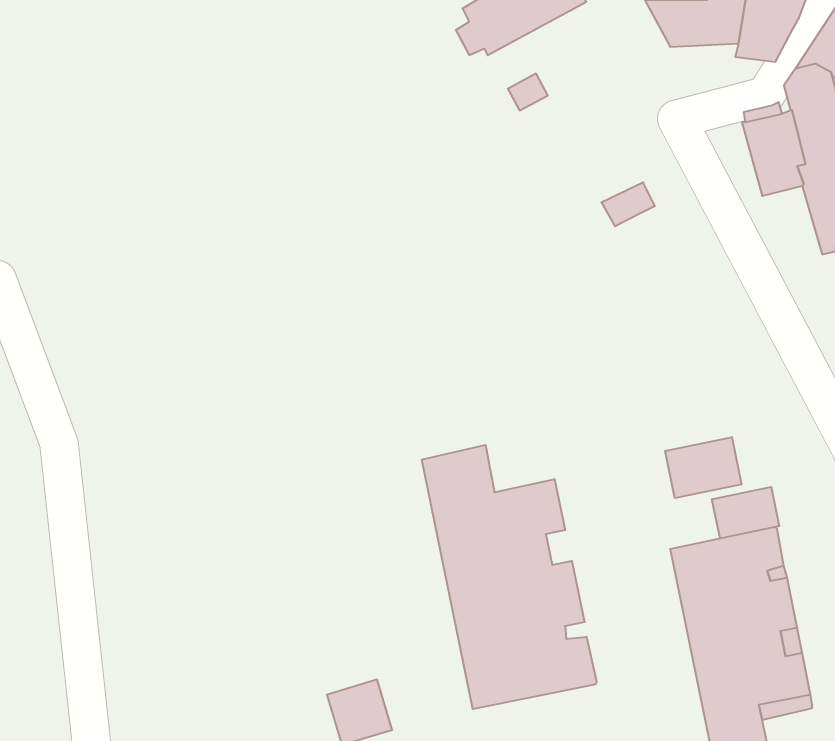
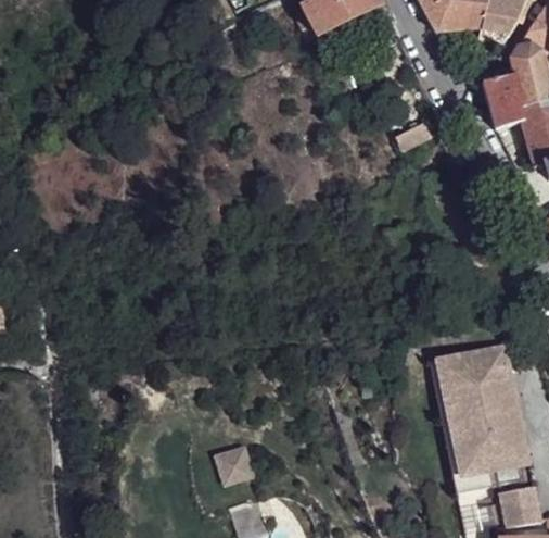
building: [665,437,742,498] -> none
building: [422,445,597,709] -> none
building: [712,487,779,538] -> none

